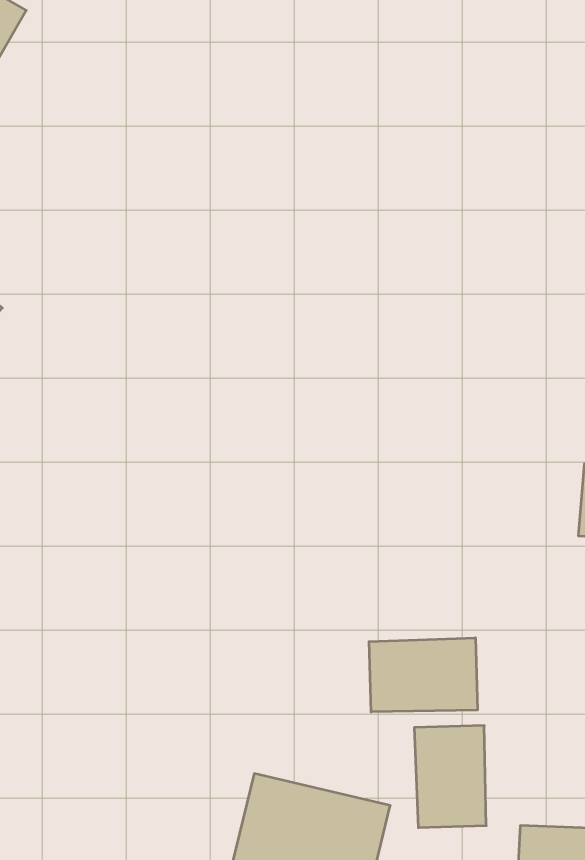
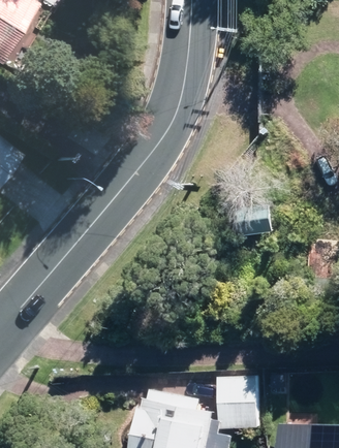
building: [369,638,477,712] -> none

